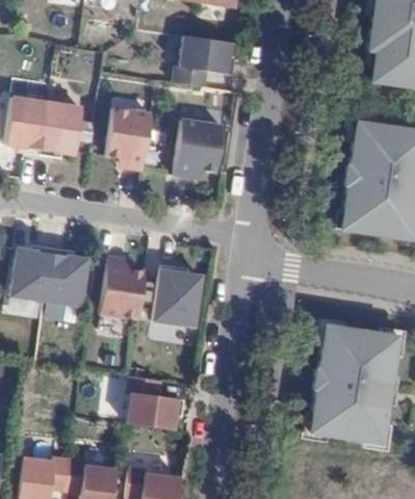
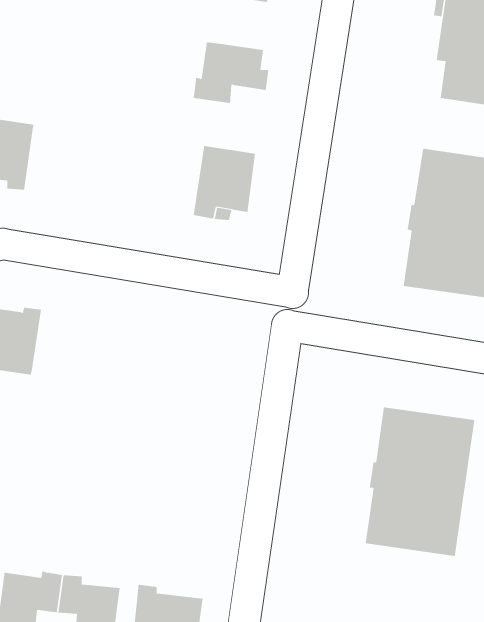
building: [41,102,82,156] -> none
building: [107,107,152,169] -> none
building: [46,248,88,306] -> none
building: [101,257,146,318] -> none
building: [154,265,202,325] -> none
building: [128,375,184,429] -> none

